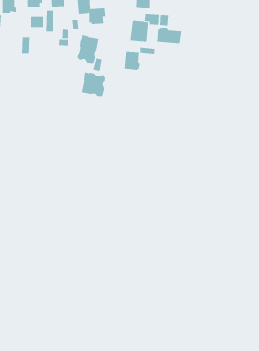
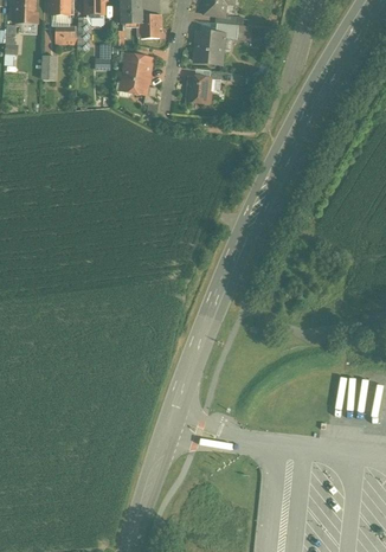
building: [157,27,182,44] -> none
building: [81,72,106,97] -> none

